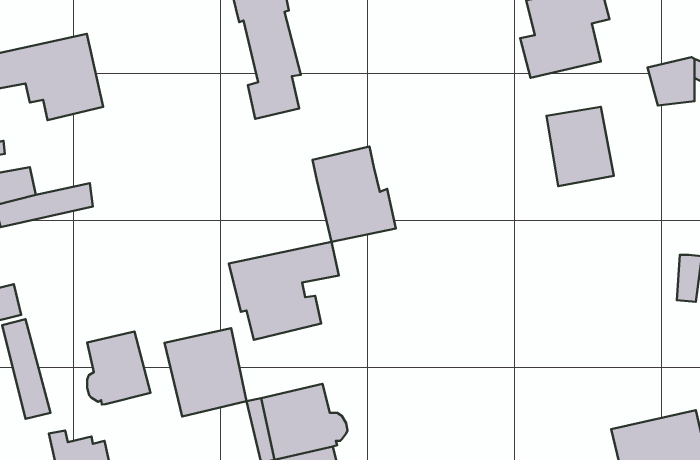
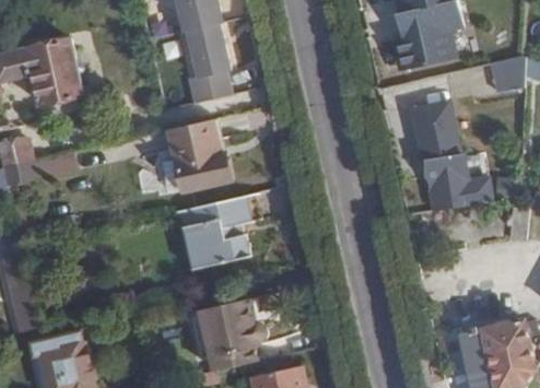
building: [312,147,396,242] -> [164,120,226,191]
building: none -> [420,146,494,209]
building: [165,328,247,417] -> none
building: [87,331,150,405] -> none

